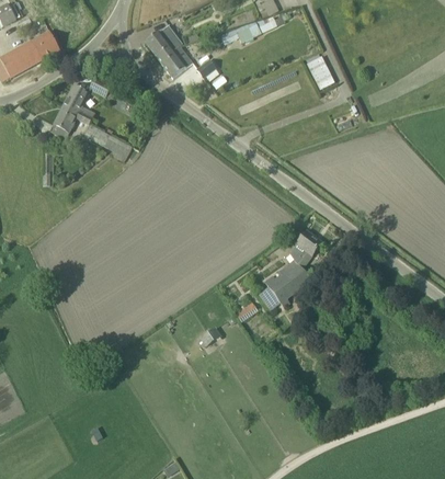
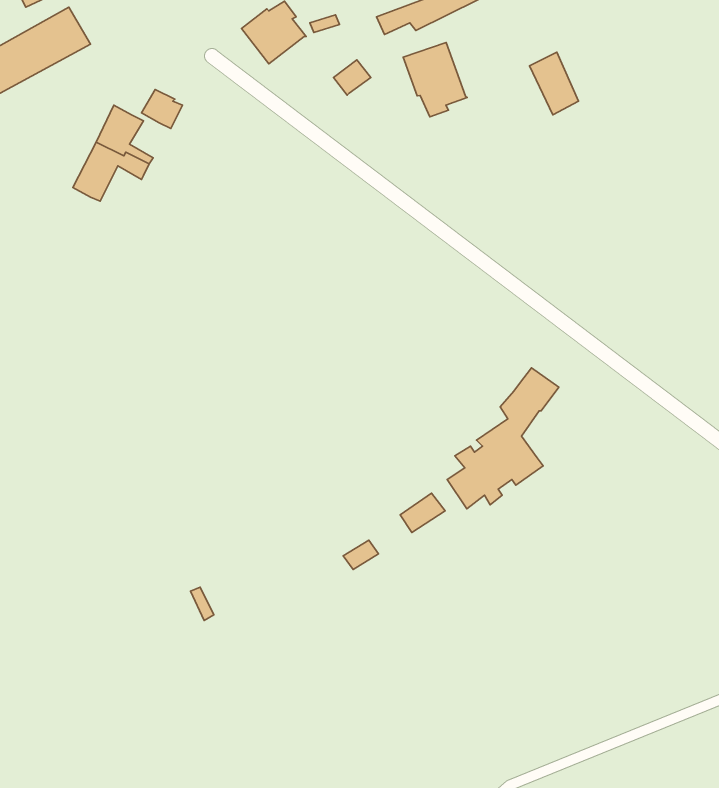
building: [160,45,192,77] -> none
building: none -> [403,42,467,117]
building: [83,123,132,160] -> none

